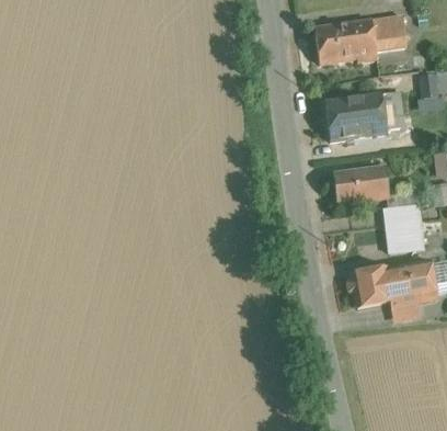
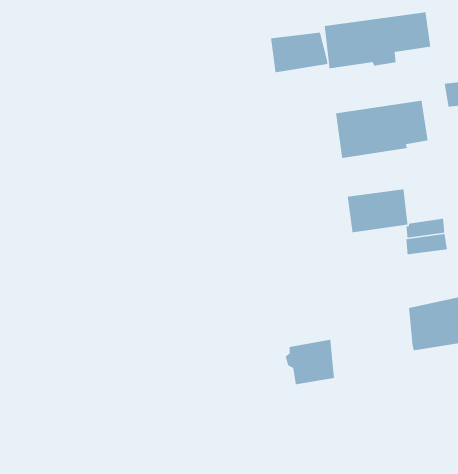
building: none -> [270,32,328,73]
building: [386,219,424,253] -> none
building: [347,268,390,307] -> [285,339,335,385]

